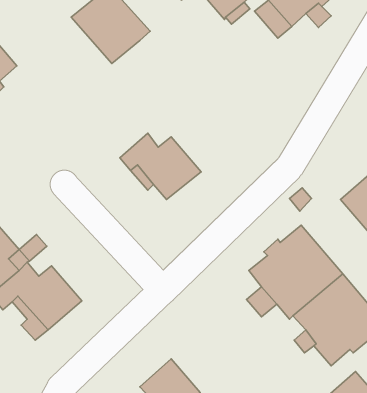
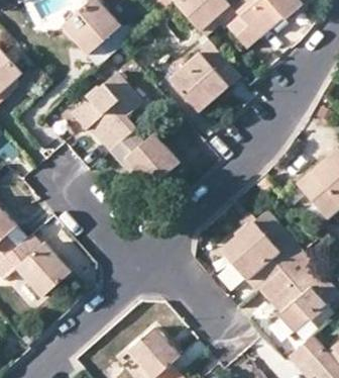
building: none -> [167,39,237,108]
building: none -> [70,72,142,150]

